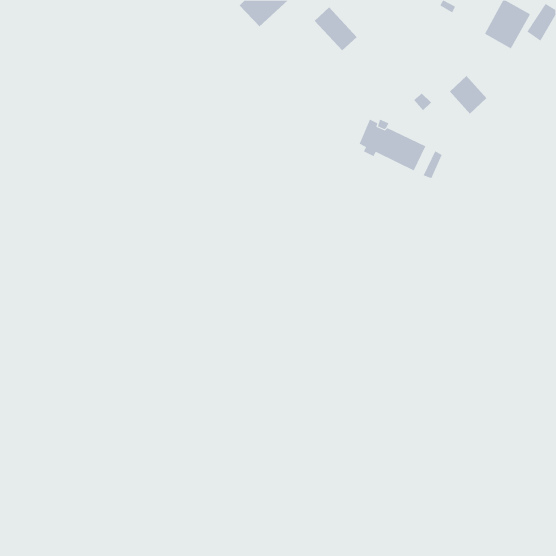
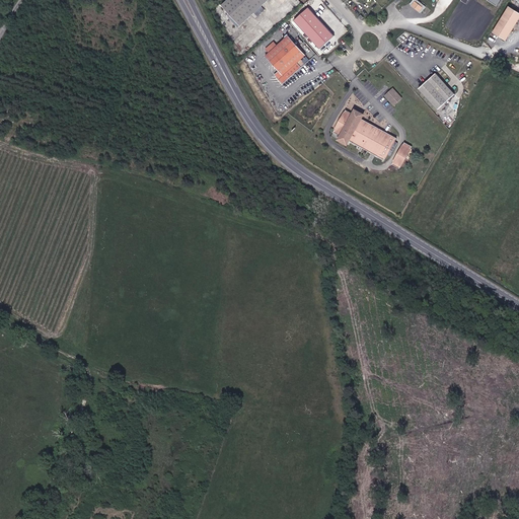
building: none -> [268,36,308,85]

